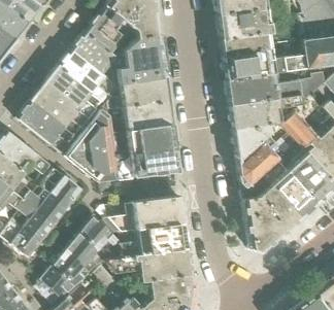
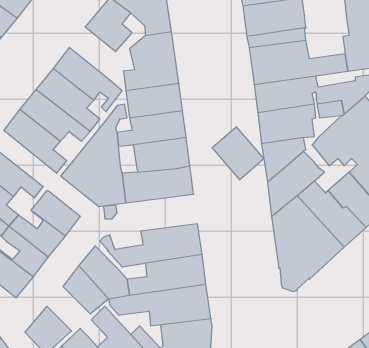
building: [73,31,118,73] -> none
building: none -> [212,127,264,180]
building: [55,248,91,285] -> none

